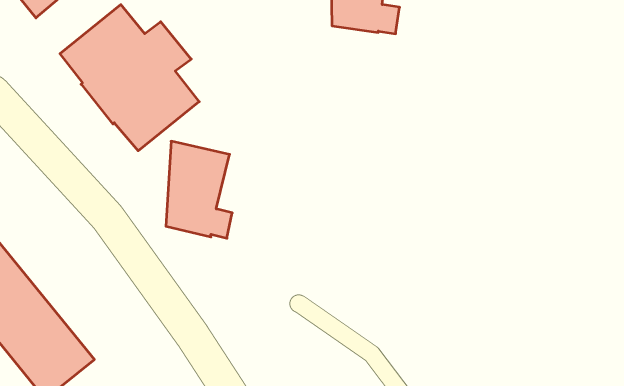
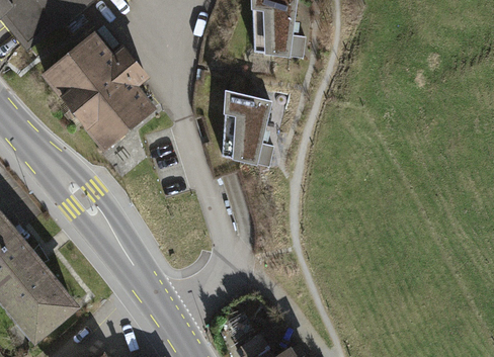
building: [166,141,232,238] -> [223,91,273,165]

